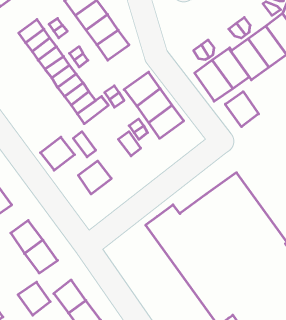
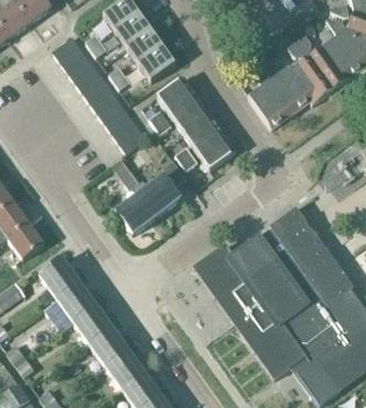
building: none -> [156,76,196,114]
building: [225,92,259,127] -> none
building: [40,137,75,170] -> [139,177,178,214]
building: [18,282,50,315] -> [73,306,110,343]

